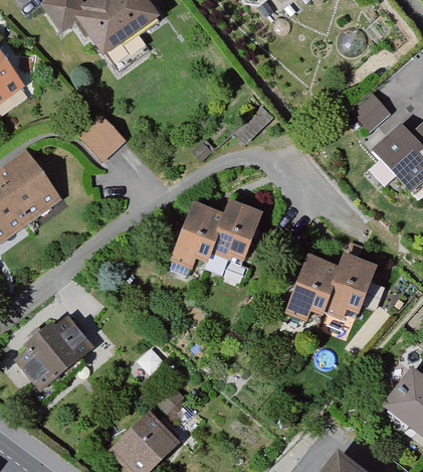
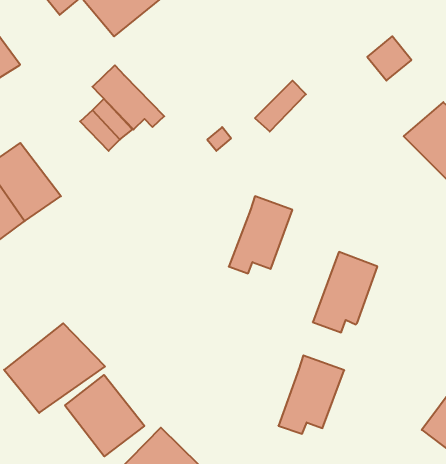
building: none -> [92,65,164,130]
building: [348,90,387,129] -> [367,36,411,81]
building: [164,198,228,281] -> none
building: [323,251,381,320] -> [278,355,344,434]
building: none -> [65,375,144,456]

